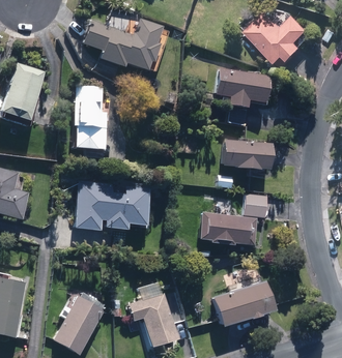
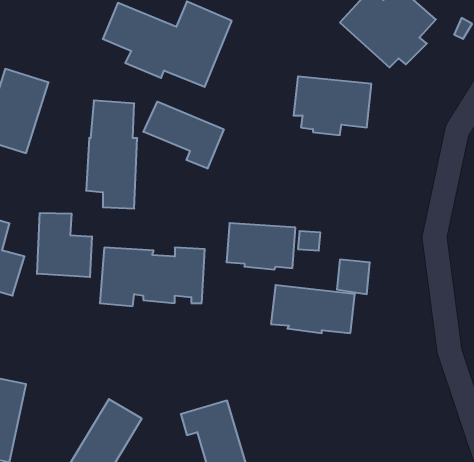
building: none -> [143,102,224,169]
building: [220,140,267,172] -> [226,223,295,270]
building: none -> [37,213,92,277]
building: [216,279,274,322] -> none

